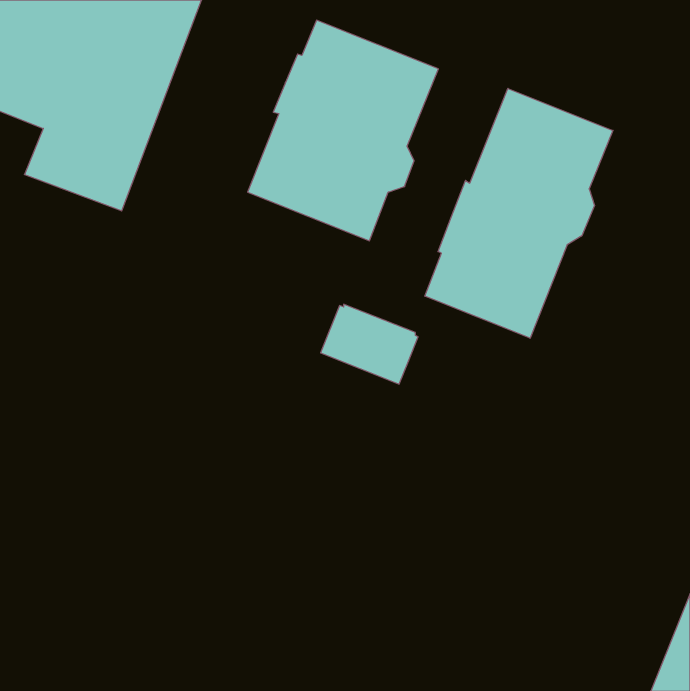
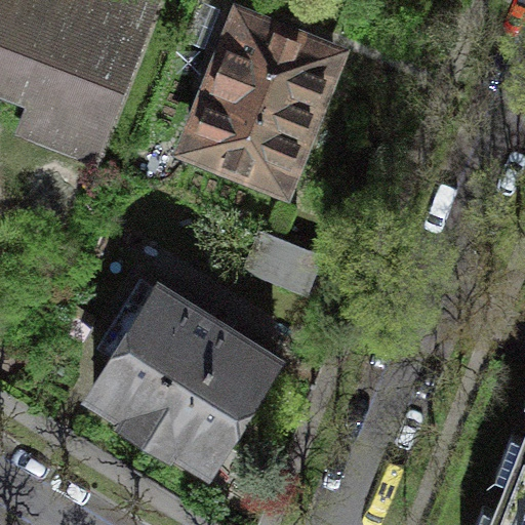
building: [425,88,613,338] -> none
building: none -> [92,286,272,462]

